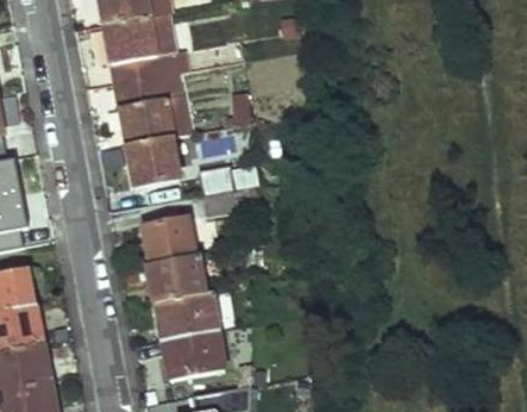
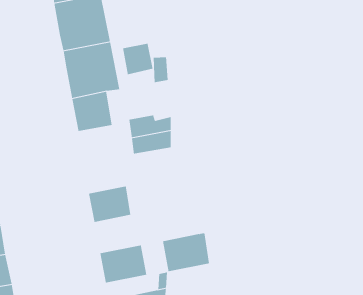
building: none -> [122,43,153,75]
building: [143,220,196,266] -> none
building: [155,292,215,342] -> [162,233,210,272]

